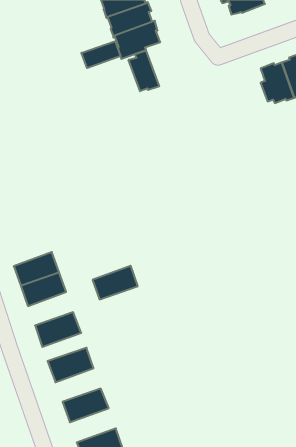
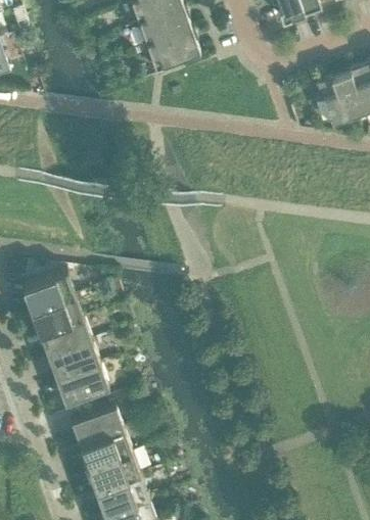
building: [81,41,120,68] -> none
building: [129,50,159,91] -> none
building: none -> [21,271,75,311]
building: [93,266,138,299] -> [47,340,99,379]
building: none -> [79,428,131,467]
building: none -> [95,474,148,514]

